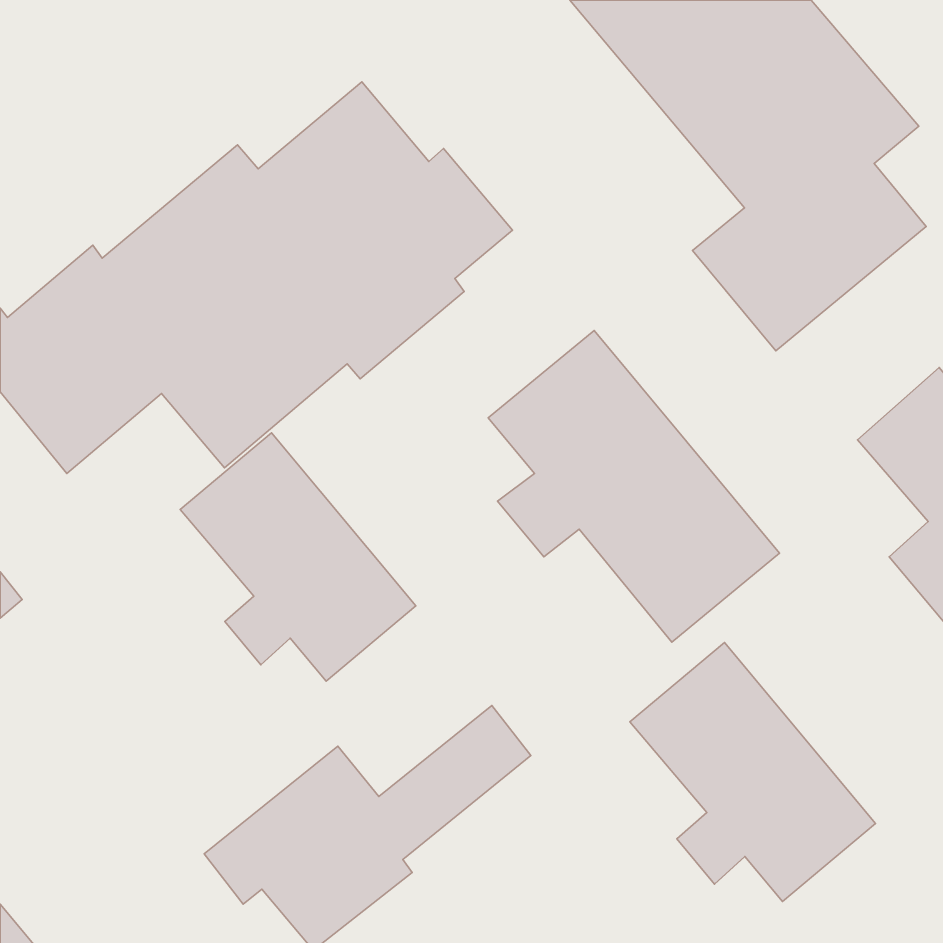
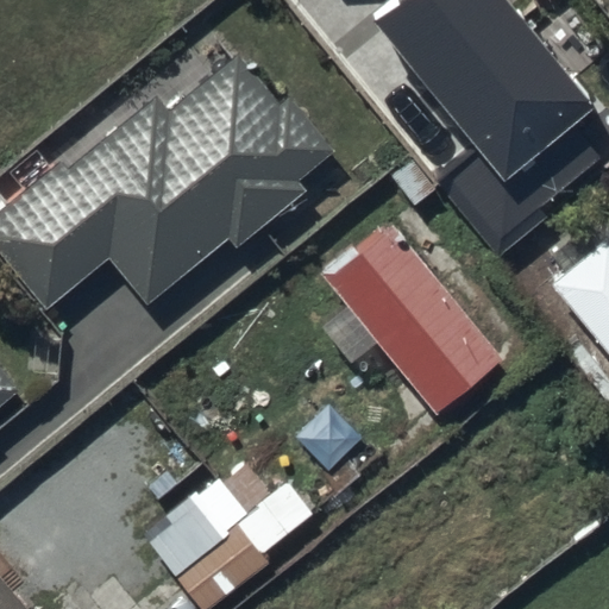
building: [180,433,416,681] -> none
building: [630,642,876,902] -> none

